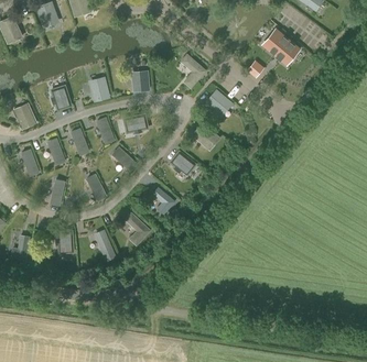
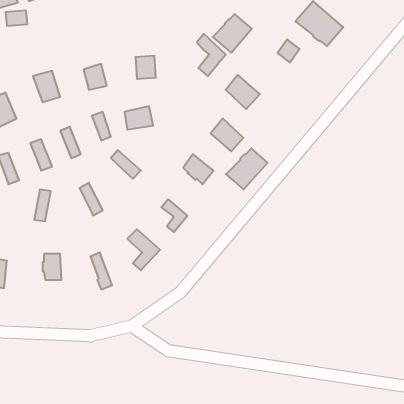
building: none -> [213,14,252,53]
building: none -> [226,148,267,190]

